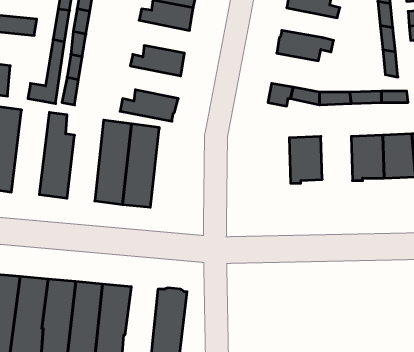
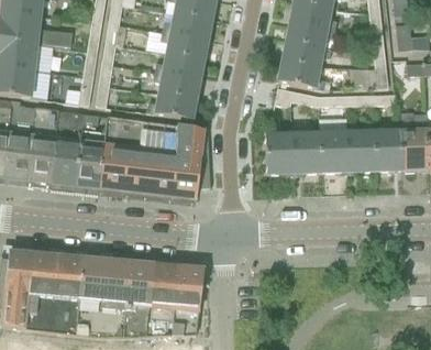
building: none -> [287,21,335,47]
building: none -> [146,30,207,61]
building: none -> [279,61,327,90]
building: none -> [153,72,199,100]
building: none -> [52,110,85,184]
building: none -> [100,116,132,189]
building: none -> [173,127,211,198]
building: none -> [321,133,349,172]
building: none -> [267,134,295,174]
building: none -> [151,264,179,308]

